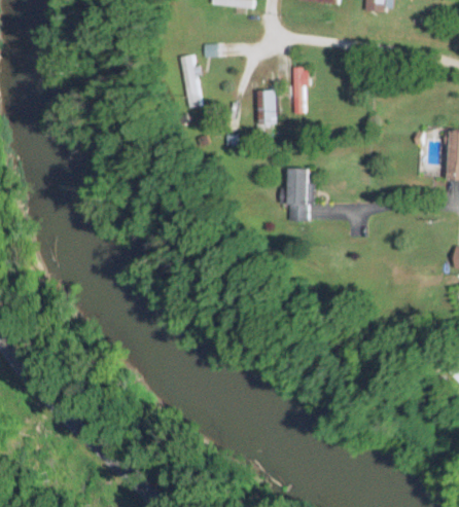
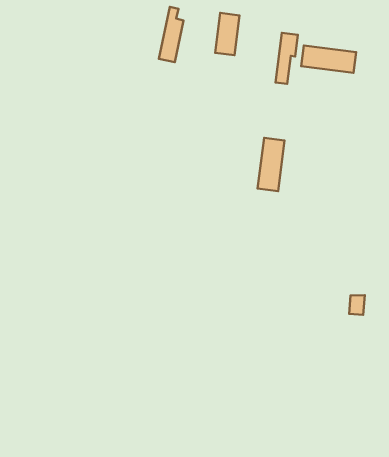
building: none -> [301,46,356,73]
building: [257,89,276,128] -> [215,13,240,55]

